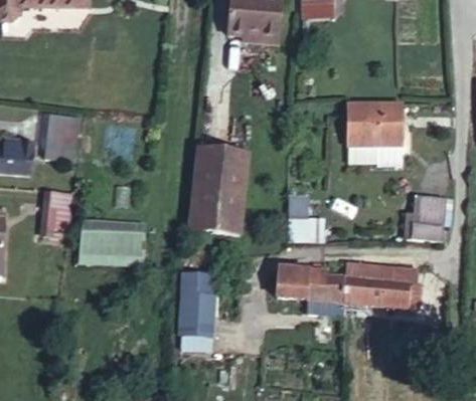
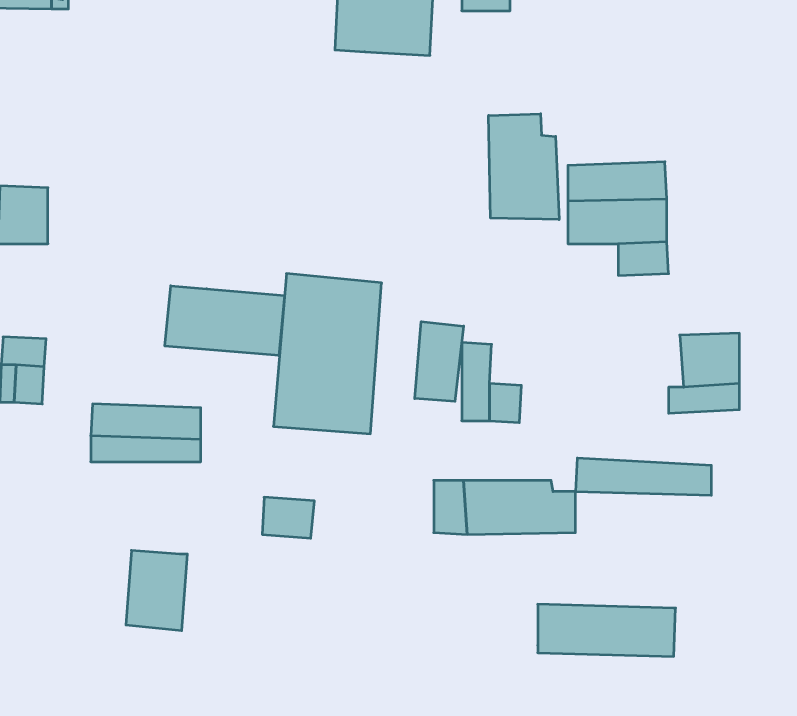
building: none -> [489,114,559,220]
building: none -> [165,286,285,356]
building: none -> [415,322,464,401]
building: [352,274,427,303] -> [538,604,676,656]
building: [180,297,213,341] -> [126,550,187,631]

